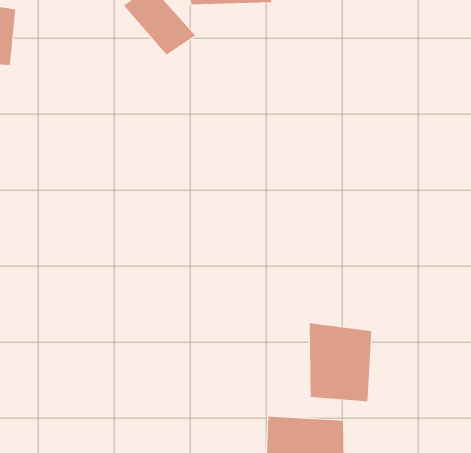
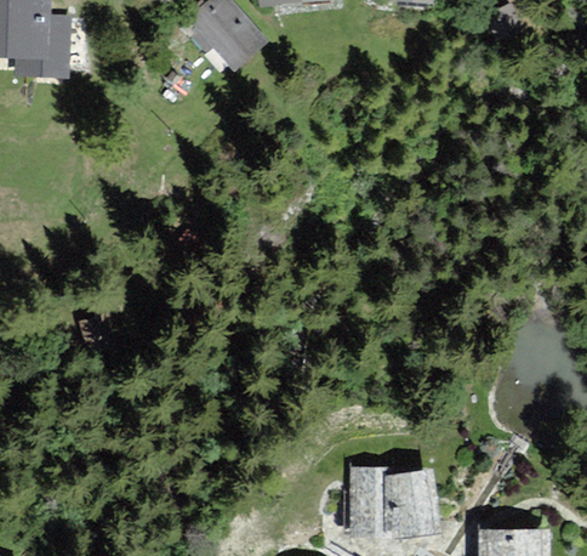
building: [309,323,372,402] -> none

